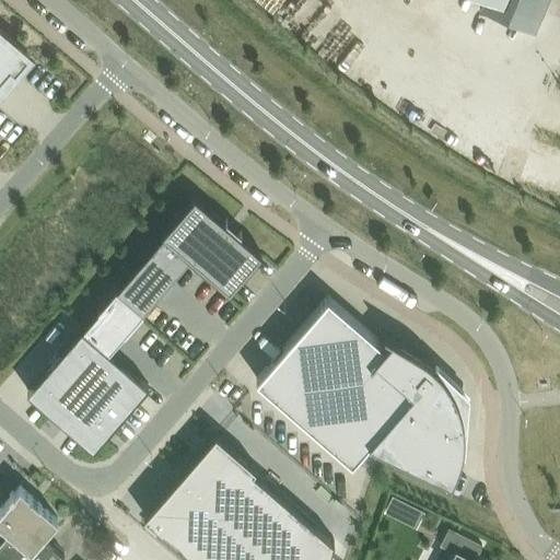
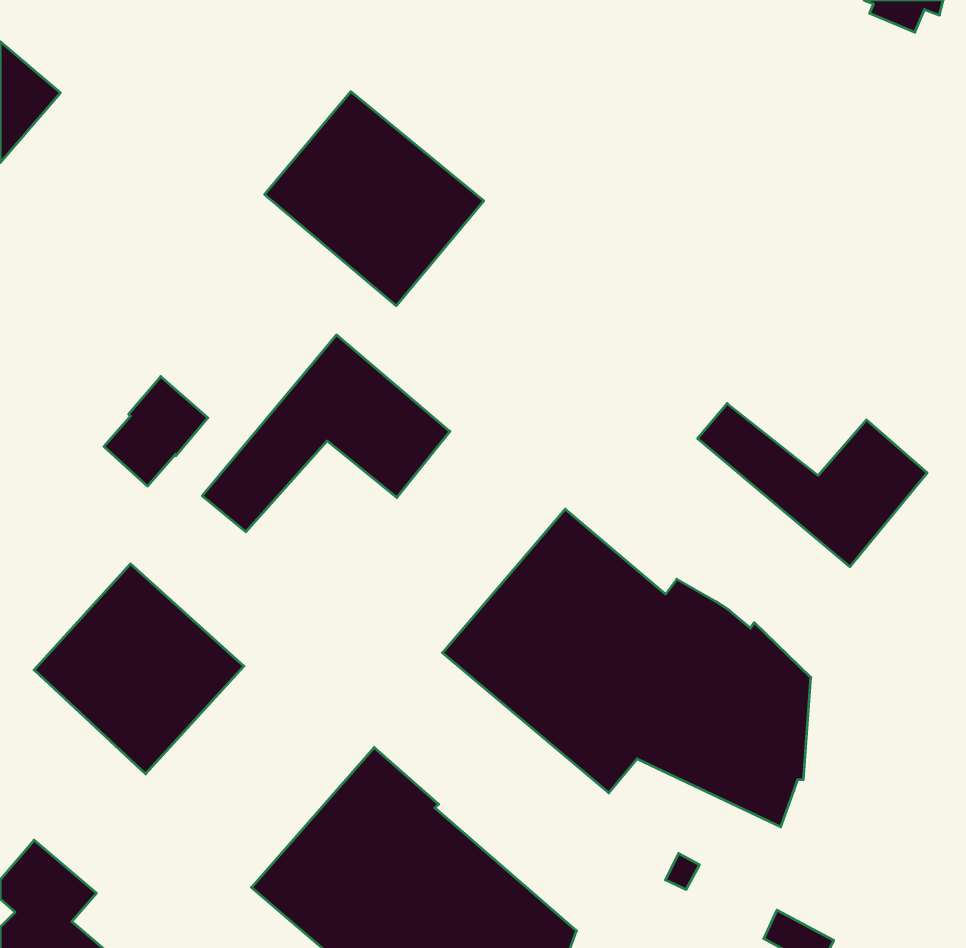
building: none -> [265,92,484,306]
building: none -> [698,403,927,567]
building: [83,296,143,360] -> [104,376,208,486]

